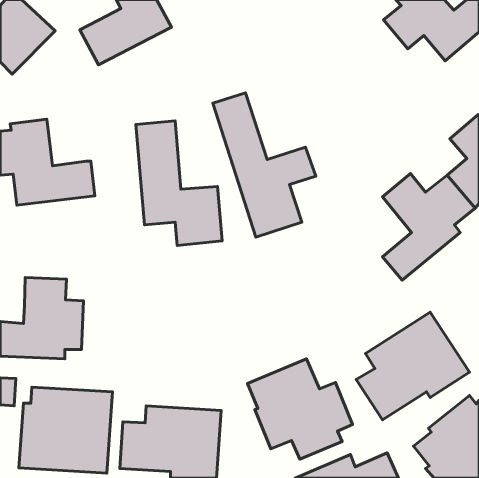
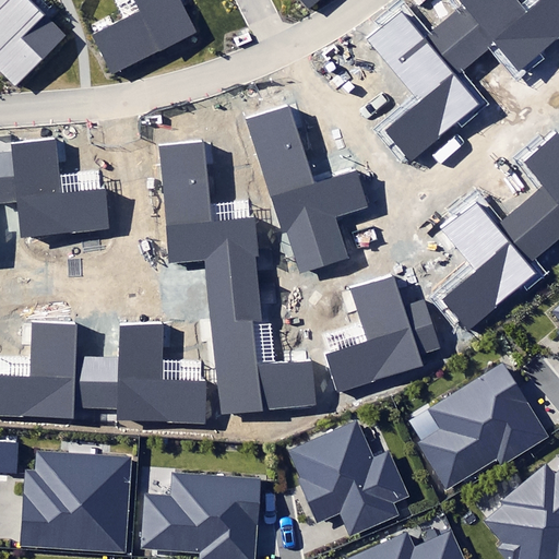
building: none -> [368,10,479,159]
building: none -> [324,276,440,393]
building: none -> [206,281,318,415]
building: none -> [95,319,205,421]

